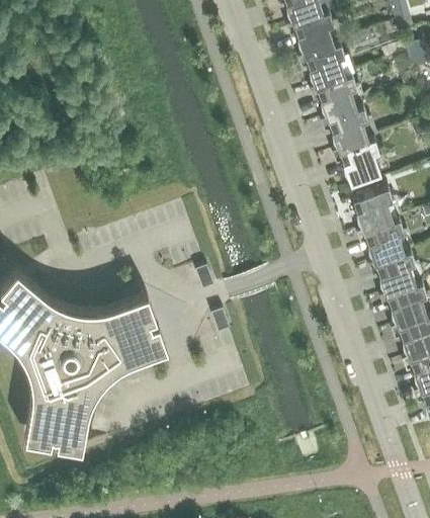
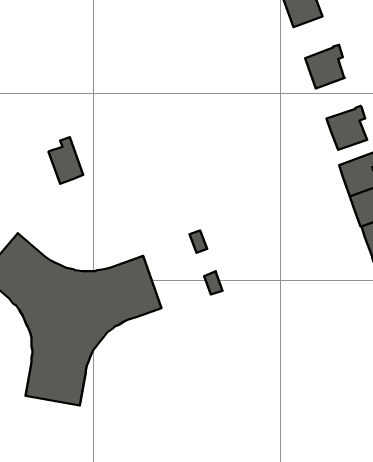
building: [307,51,348,96] -> none
building: [330,113,371,159] -> none
building: none -> [49,137,83,184]

